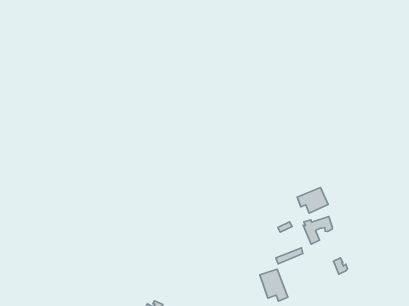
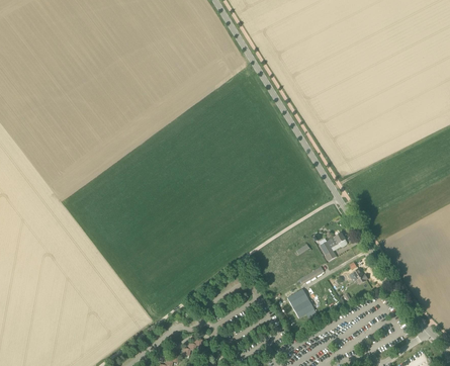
building: [297,188,328,213] -> none

